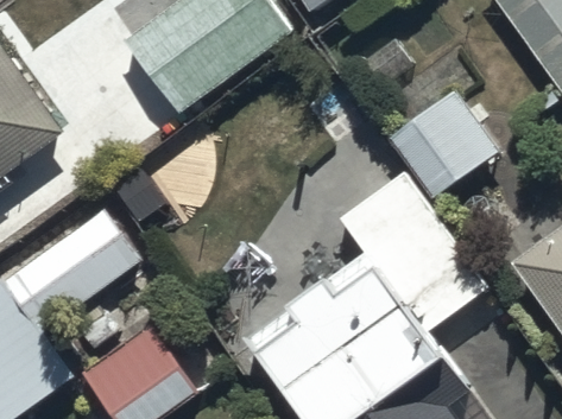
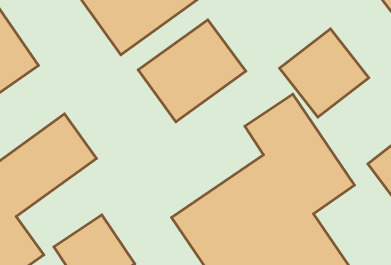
building: none -> [138,20,246,122]

